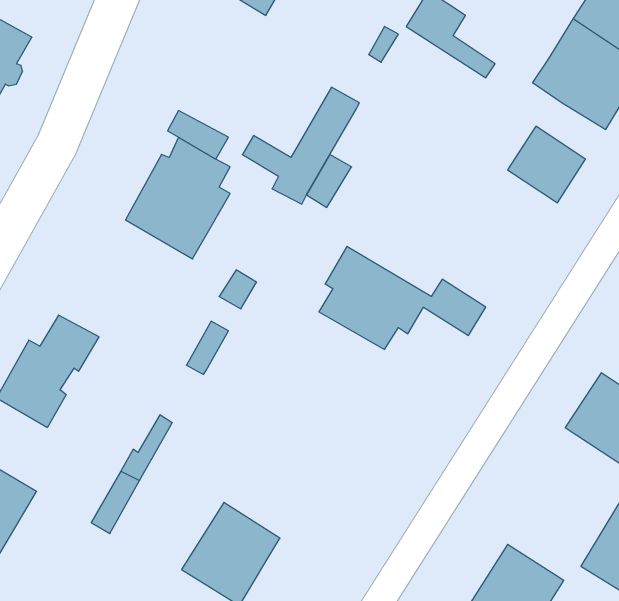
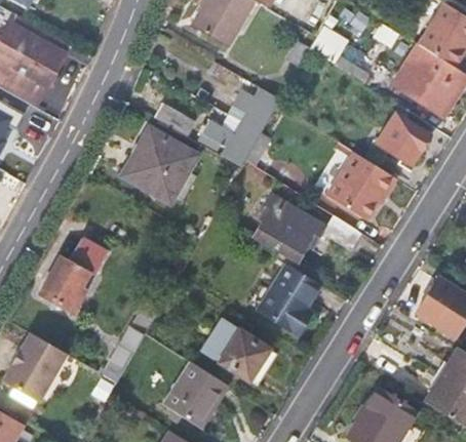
building: none -> [328,153,395,220]
building: none -> [258,264,317,331]
building: none -> [202,319,270,379]

